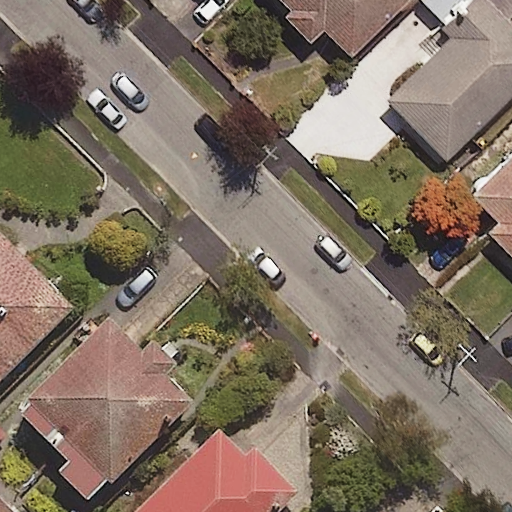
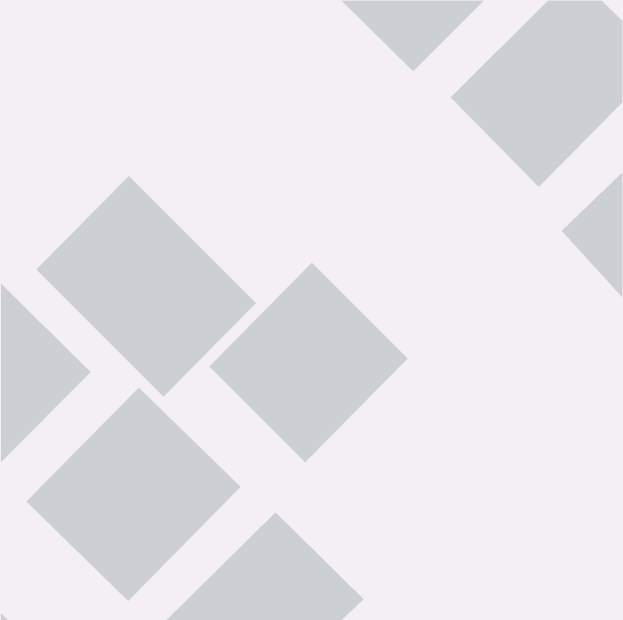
building: none -> [36,175,257,398]
building: none -> [209,262,408,463]

